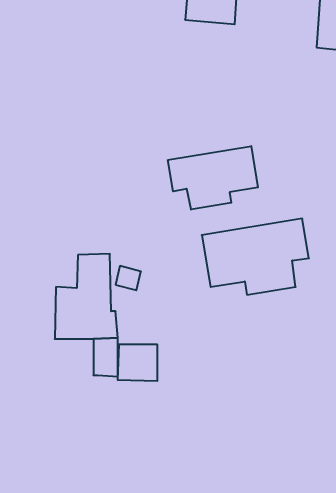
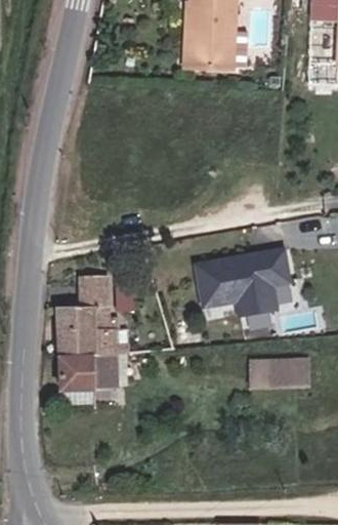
building: [168,146,258,210] -> none
building: none -> [252,359,308,387]
building: [118,345,157,381] -> [60,356,97,390]

